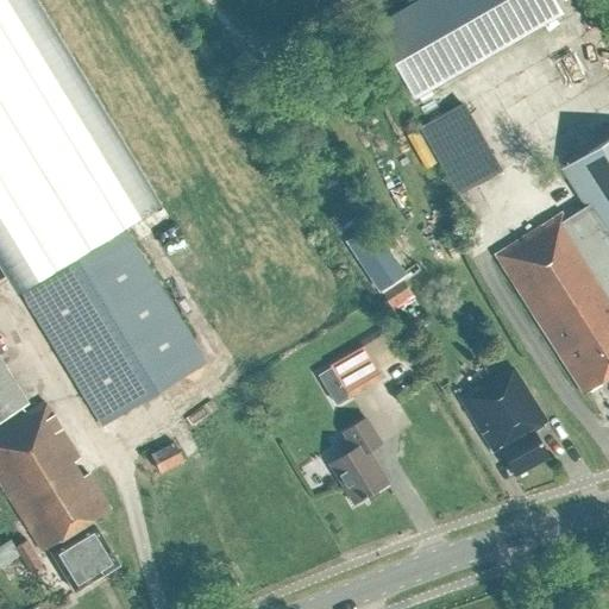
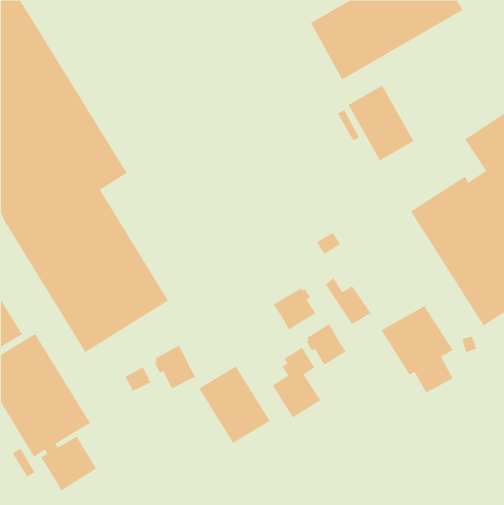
building: [347,233,403,290] -> [325,278,371,325]
building: none -> [306,323,346,365]
building: none -> [154,345,196,389]
building: none -> [199,365,271,444]

